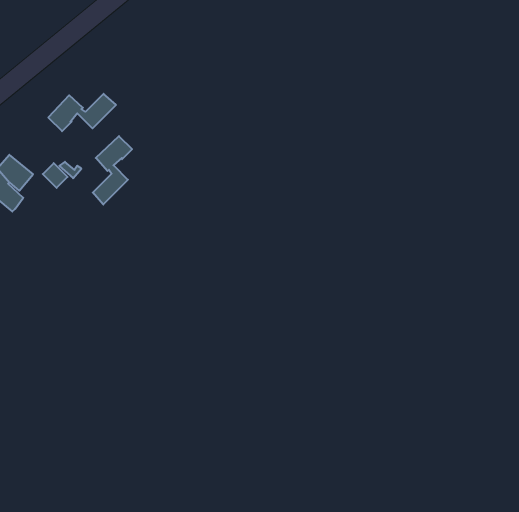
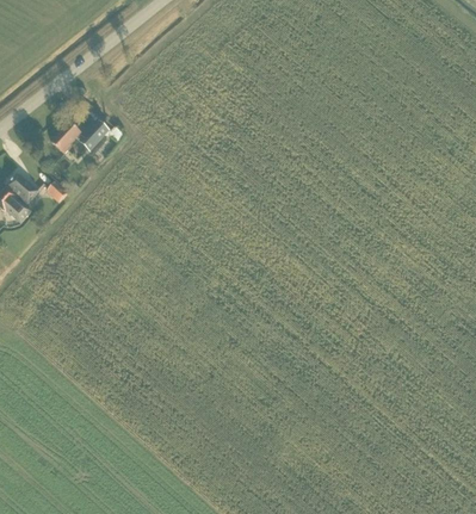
building: [93,136,132,205] -> none

